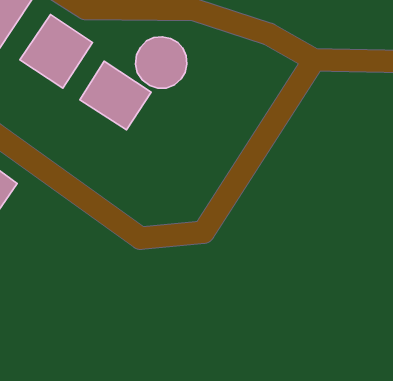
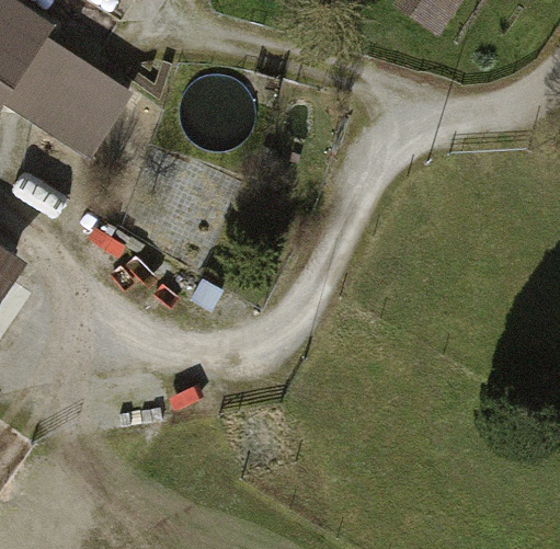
building: [80,61,151,130] -> none

